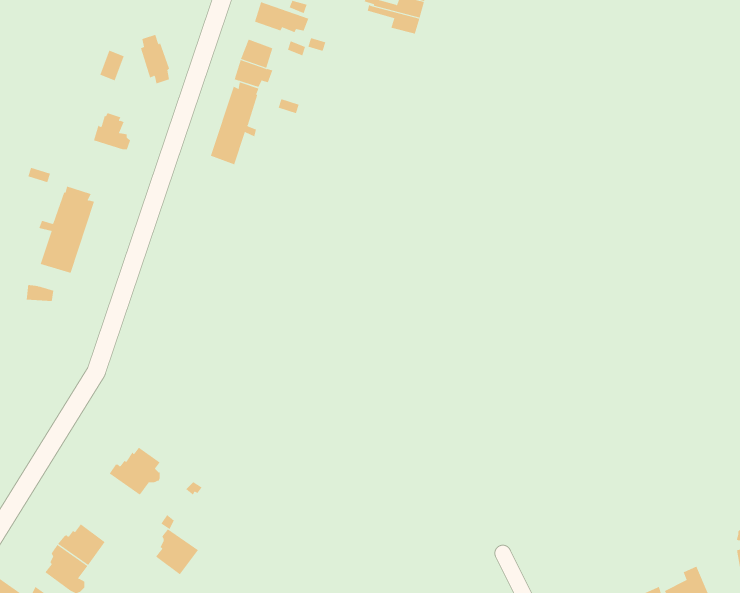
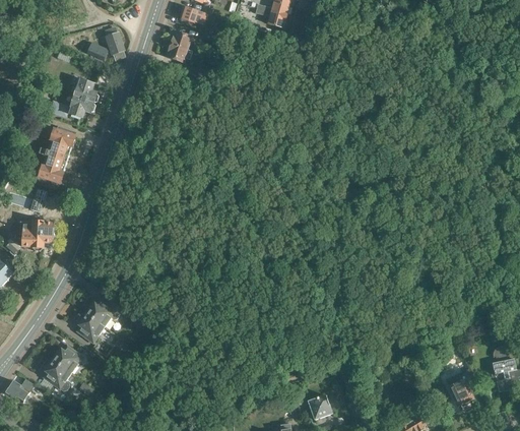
building: [210,81,259,165] -> none
building: none -> [48,96,95,118]
building: none -> [20,221,54,250]
building: [155,528,199,575] -> [76,312,105,343]

